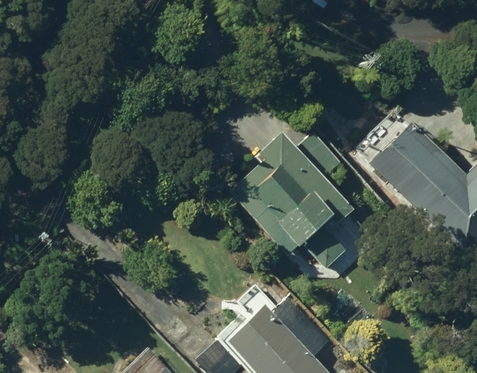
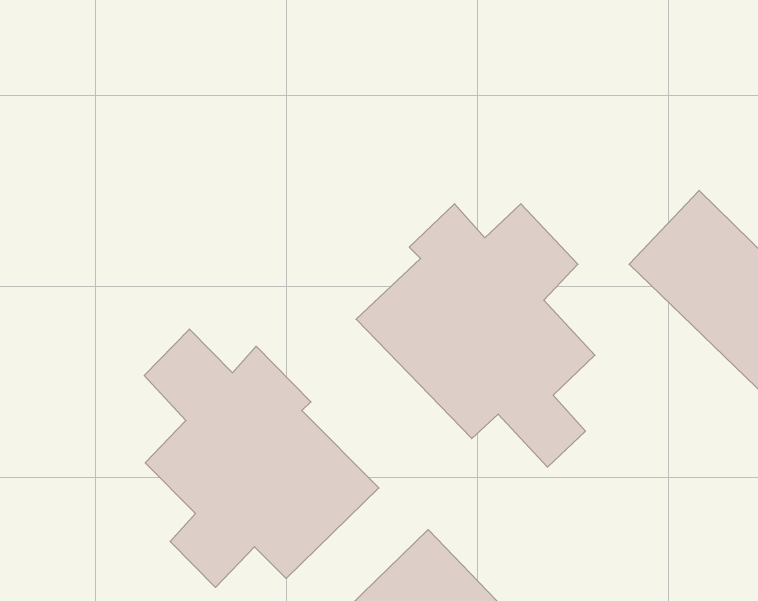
building: none -> [144,329,379,587]

